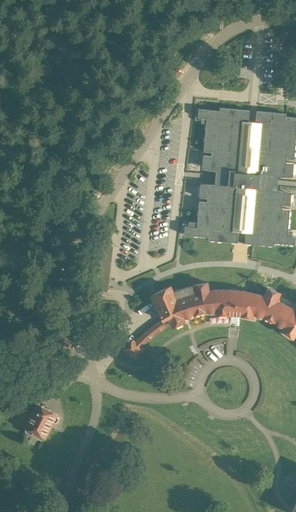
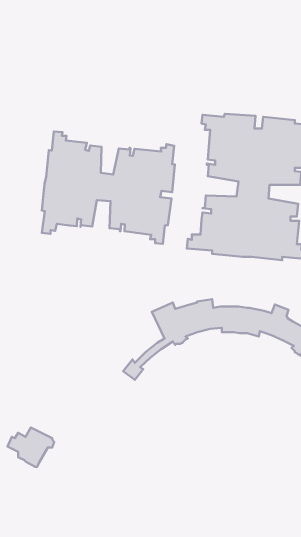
building: none -> [42,131,175,244]

